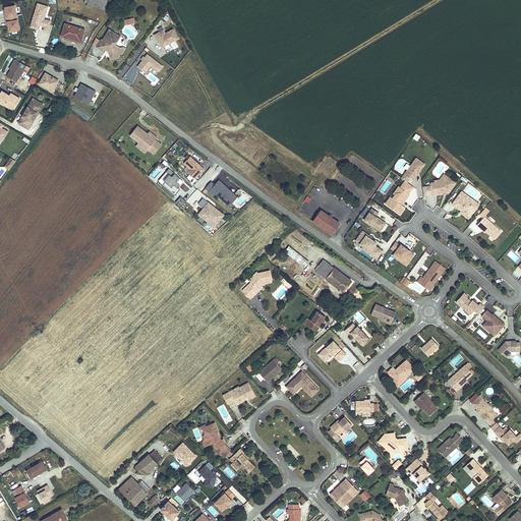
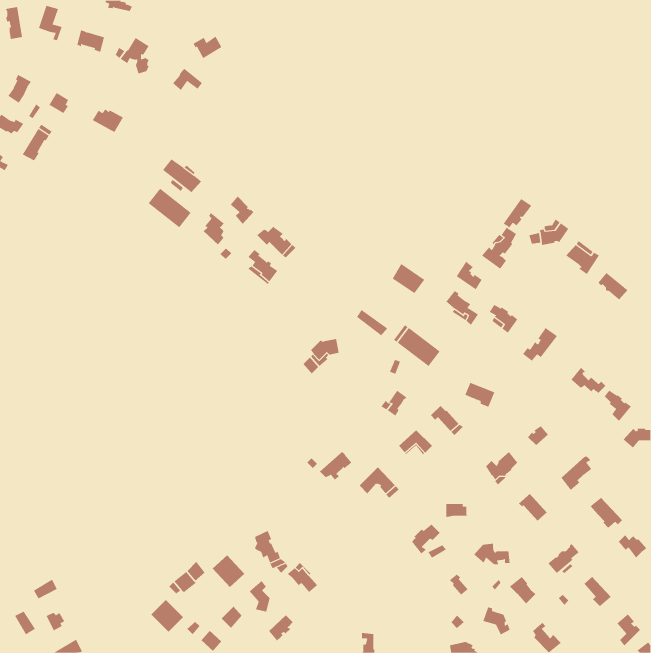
building: none -> [148,188,192,228]
building: [221,382,253,404] -> none
building: [330,478,357,507] -> none

